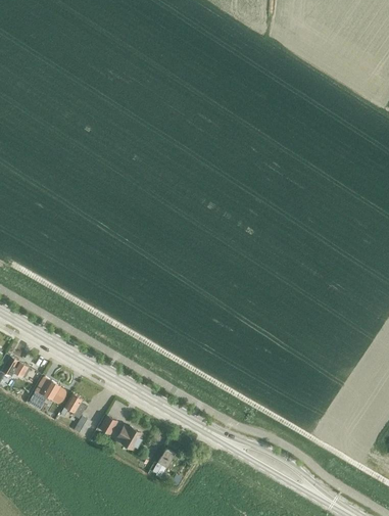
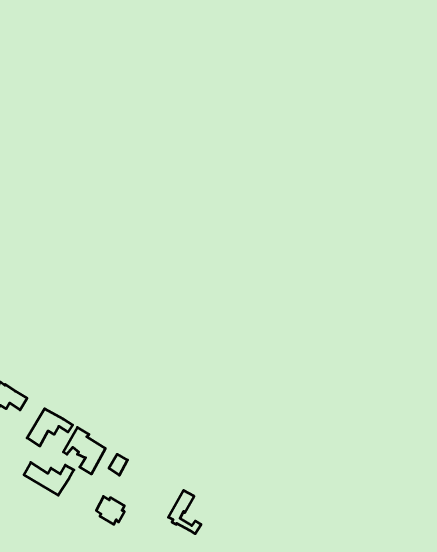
building: none -> [24,462,74,495]
building: [117,426,142,451] -> [96,496,124,524]

